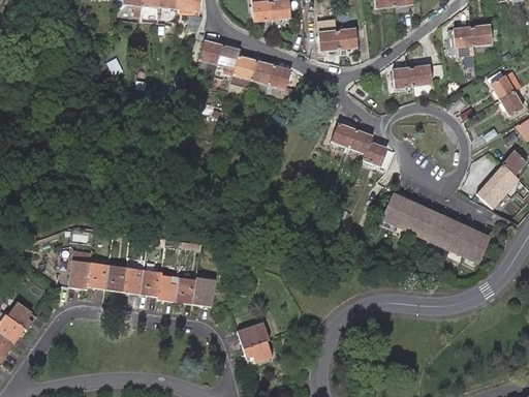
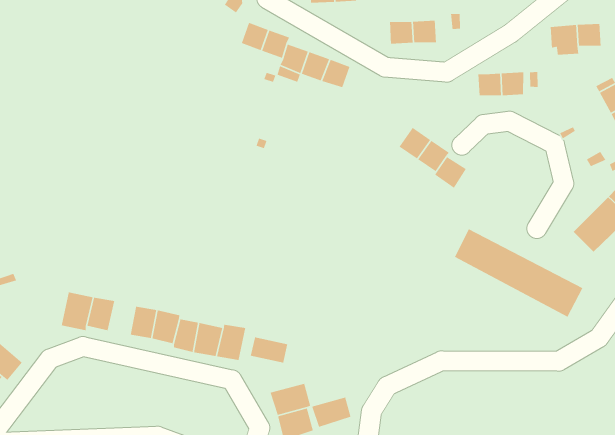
building: [106,268,127,295] -> none
building: none -> [250,337,288,363]
building: none -> [311,396,351,428]

